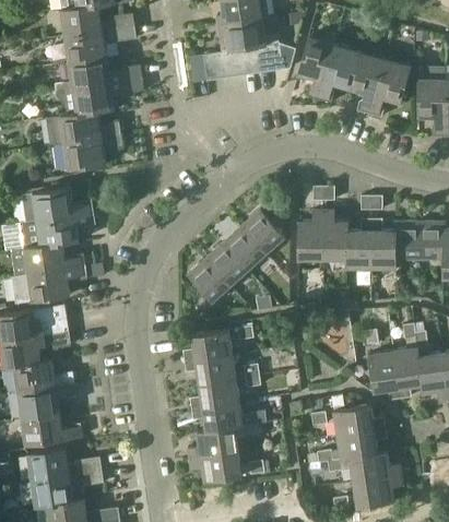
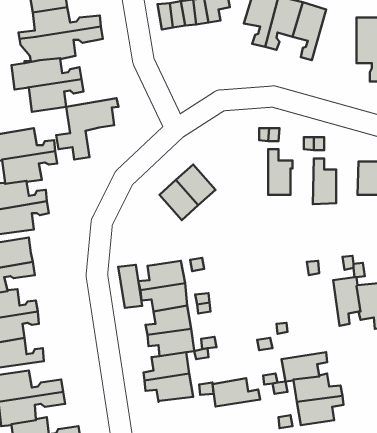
building: [370,59,412,117] -> none
building: none -> [56,98,118,159]
building: [243,210,285,253] -> none
building: [298,210,323,259] -> none
building: [346,220,373,269] -> none
building: [395,223,421,259] -> none
building: [188,259,231,304] -> none
building: none -> [118,265,142,308]
building: [368,351,400,401] -> none
building: [334,405,386,436] -> [213,378,260,407]

